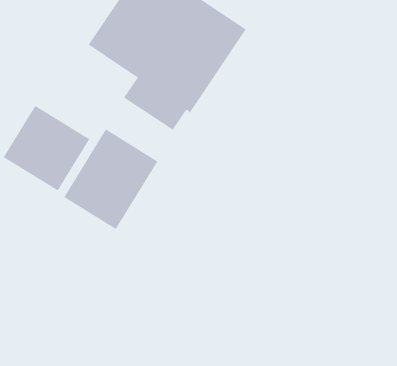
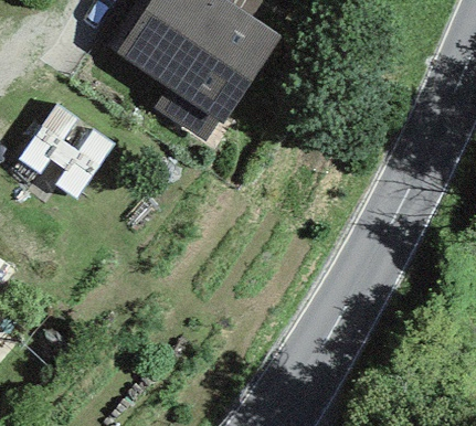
building: [64,129,158,230] -> none

